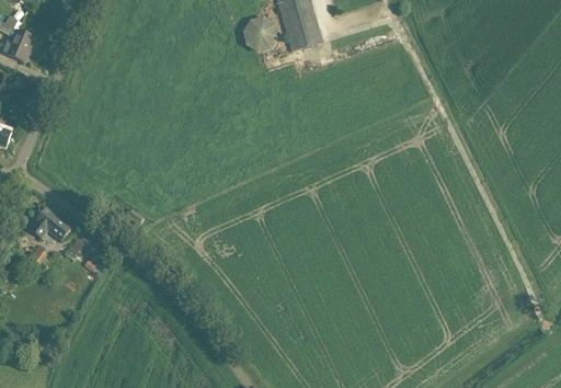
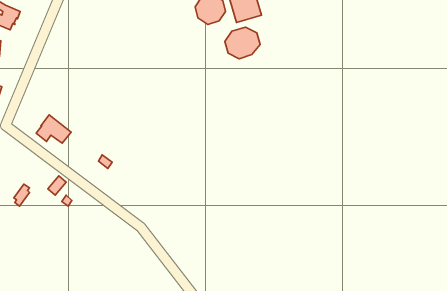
building: none -> [225,27,260,59]
building: [31,206,72,240] -> [36,115,71,143]

